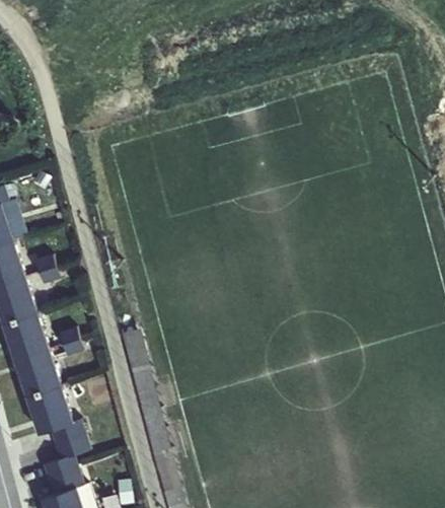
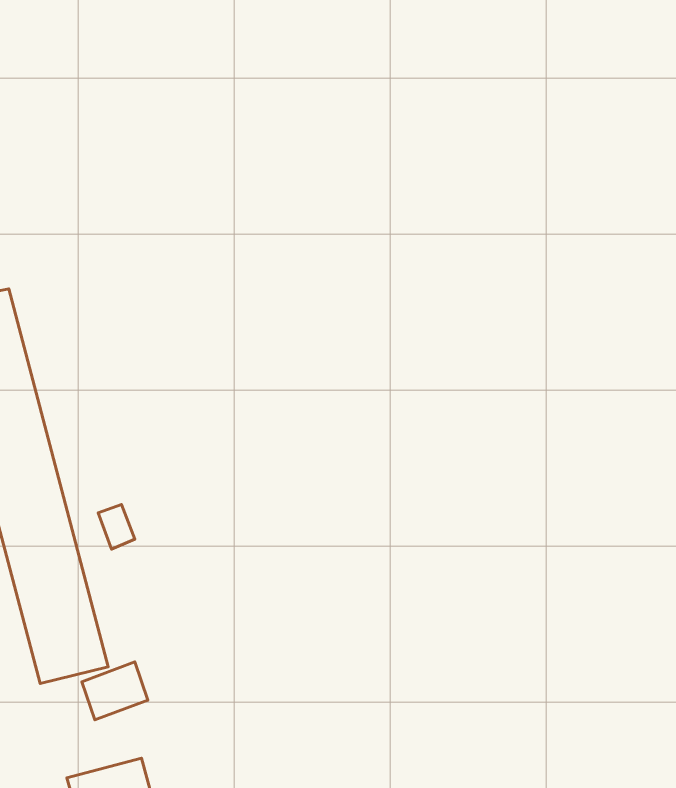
building: [44,449,86,489] -> none

